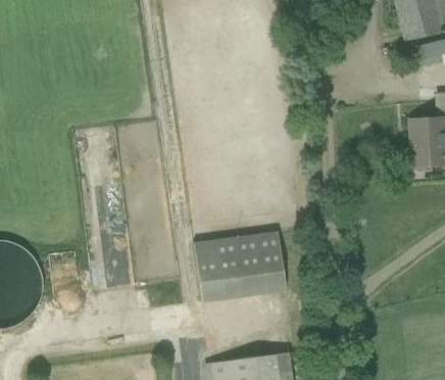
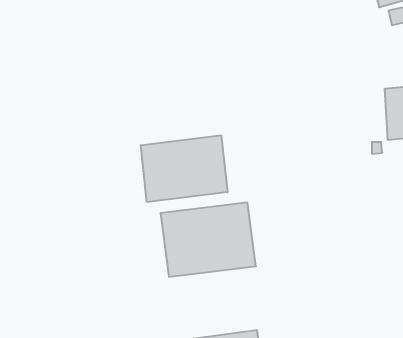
building: none -> [141,135,227,202]

